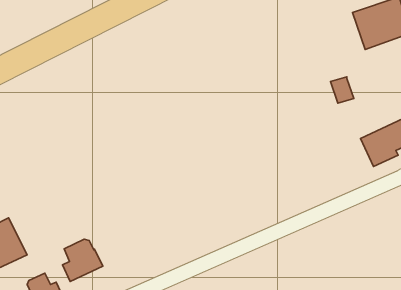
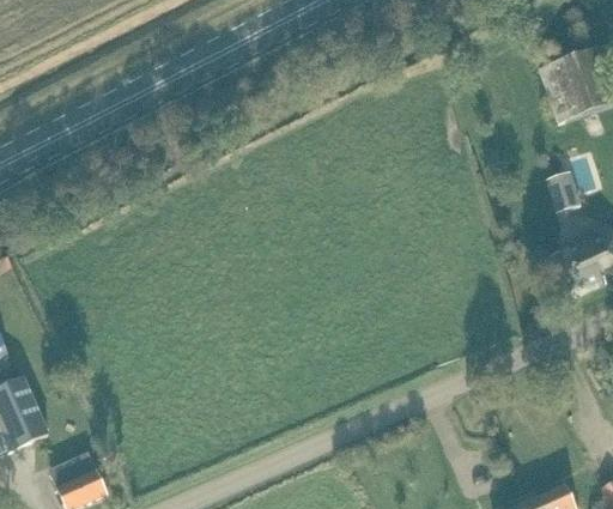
building: [331,77,354,103] -> [546,170,581,210]
building: [63,239,103,281] -> none

